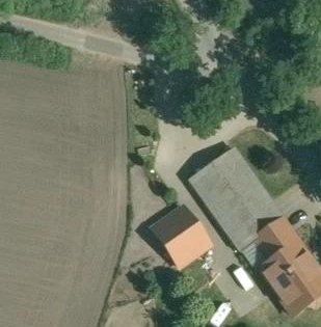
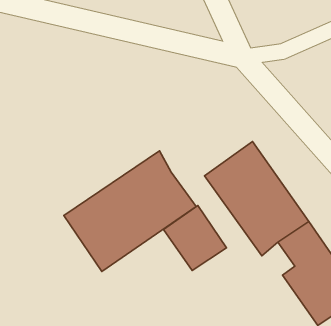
building: none -> [64,151,196,271]

